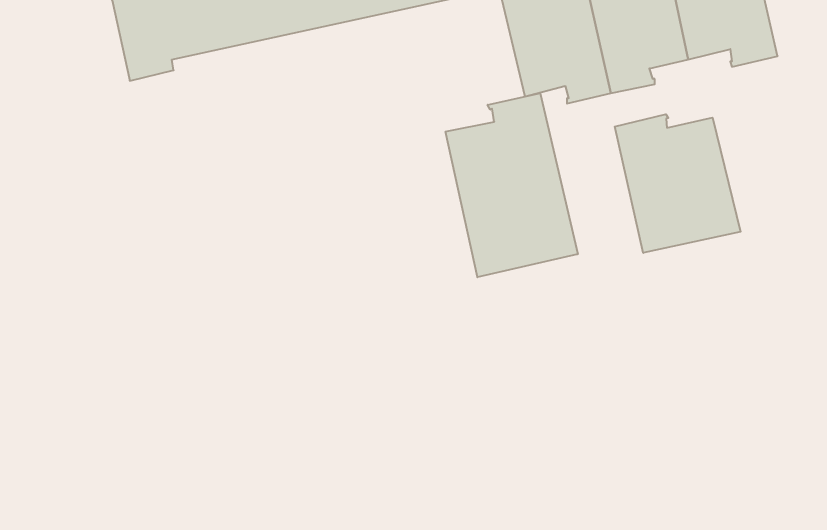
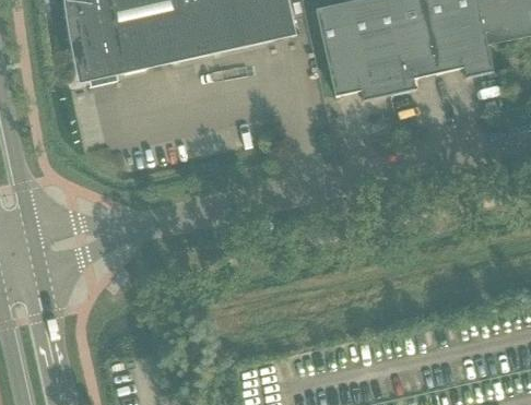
building: [446,93,578,277] -> none
building: [615,114,741,253] -> none

